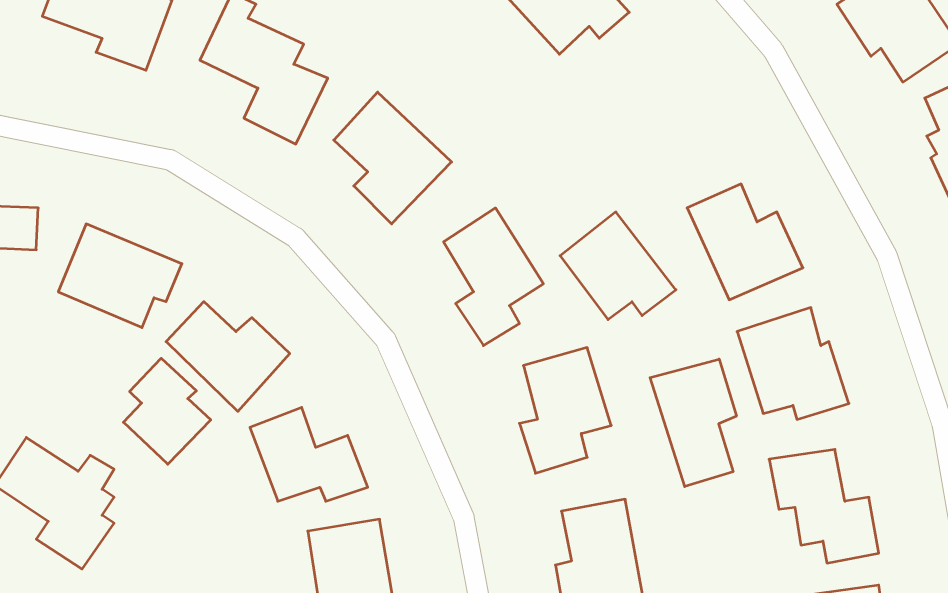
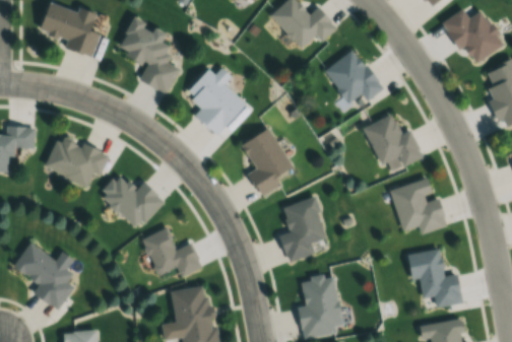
building: [560,212,676,320] -> [324,49,383,104]
building: [123,358,211,464] -> none
building: [650,359,736,487] -> none

